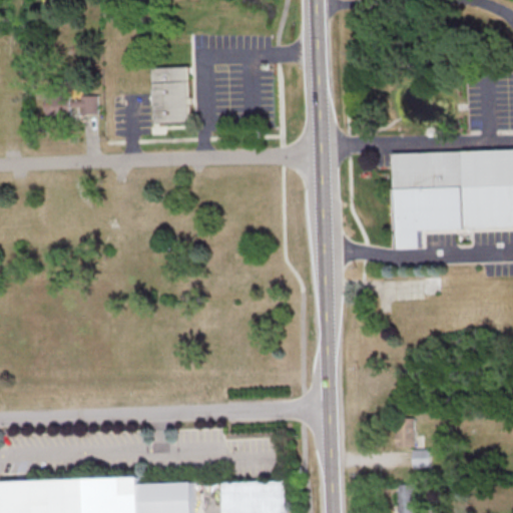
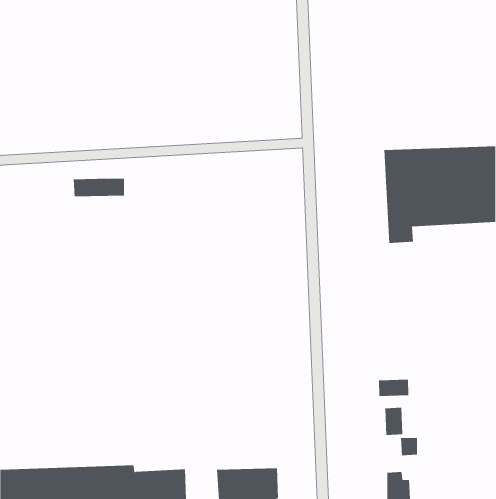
building: [149,67,185,123] -> none
building: [42,96,95,115] -> [73,178,125,197]
building: none -> [378,379,409,397]

